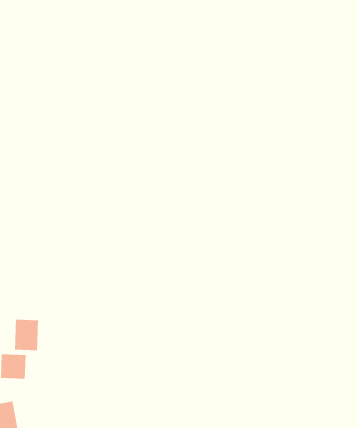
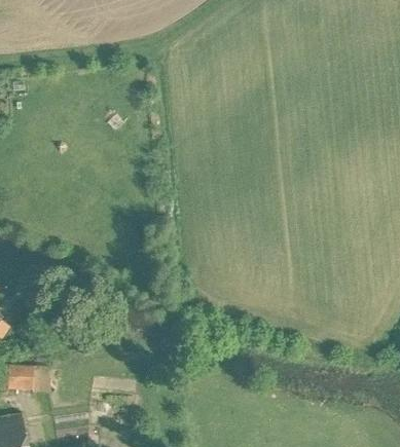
building: [14,319,39,351] -> none

